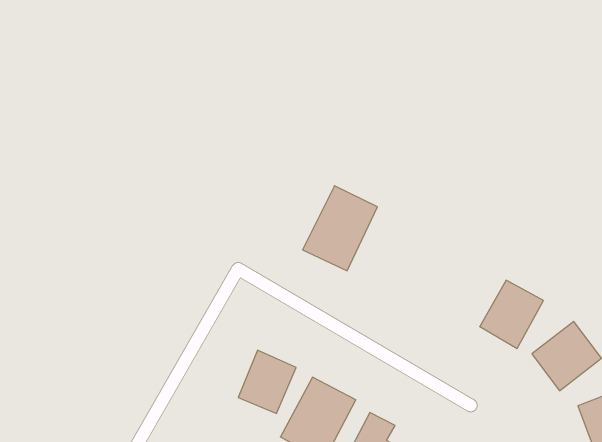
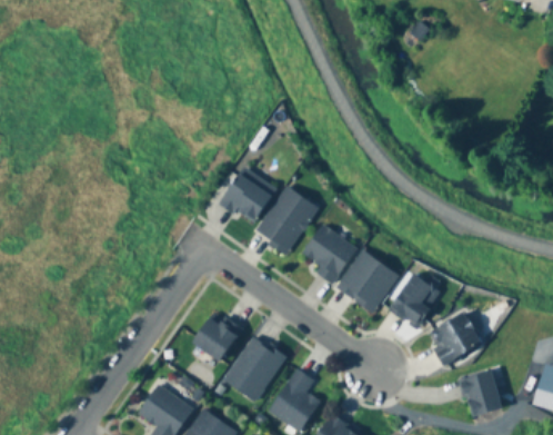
building: none -> [220,174,271,224]
building: none -> [302,223,358,283]
building: none -> [336,249,399,313]

